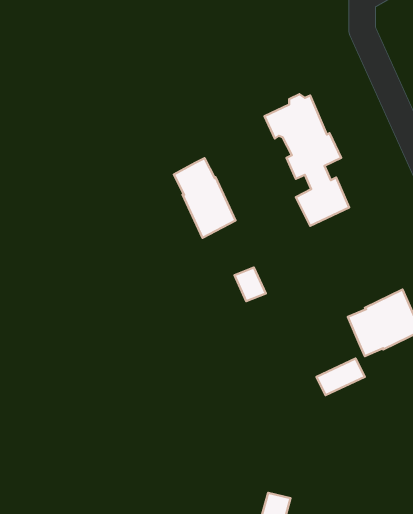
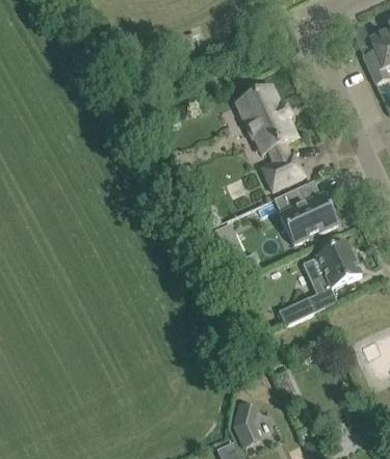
building: [174,158,236,238] -> none
building: none -> [274,183,338,244]

